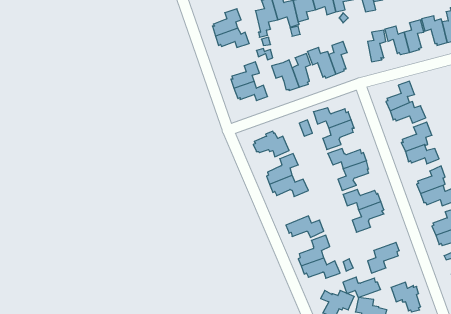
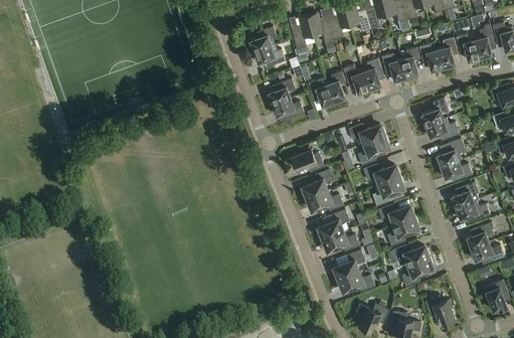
building: none -> [382,51,406,80]
building: none -> [319,208,350,238]
building: [343,277,381,298] -> [393,243,431,264]

